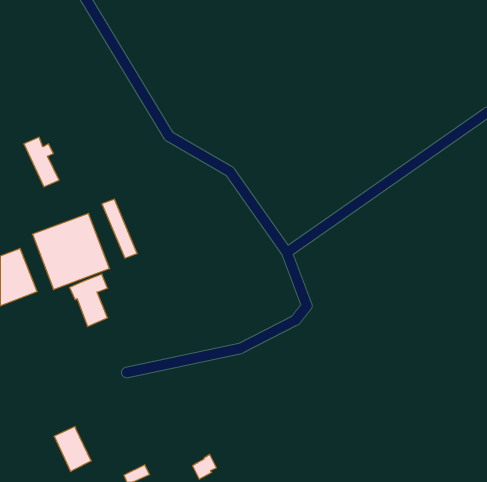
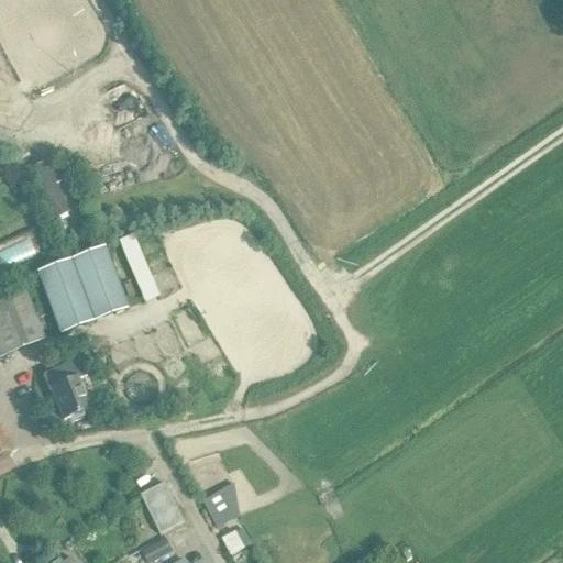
building: [70,274,108,326] -> [43,355,87,416]
building: none -> [201,479,241,526]
building: [54,427,91,471] -> [142,482,185,533]

